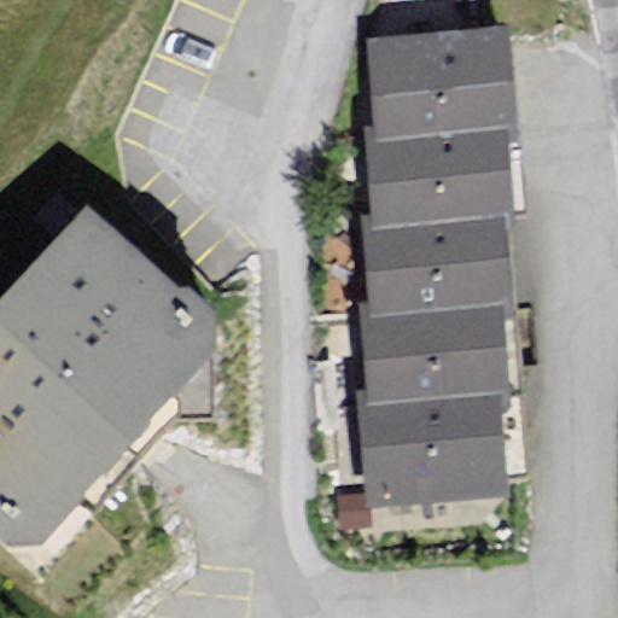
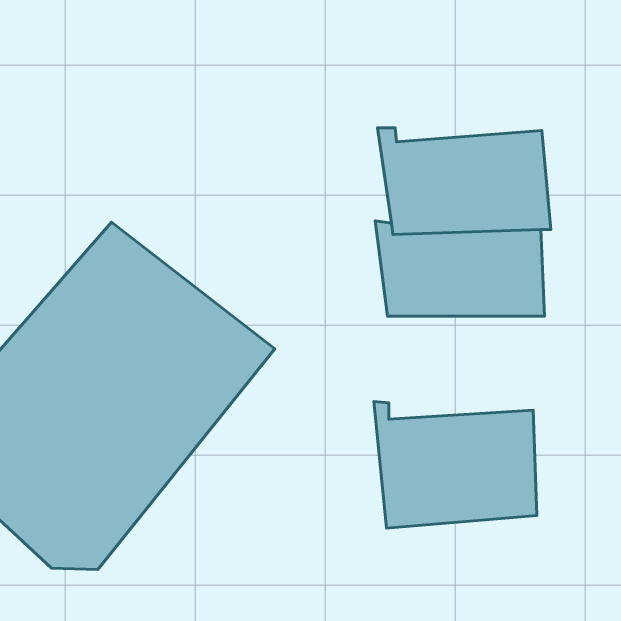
building: [374,28,534,136] -> none
building: [373,304,513,403] -> none

